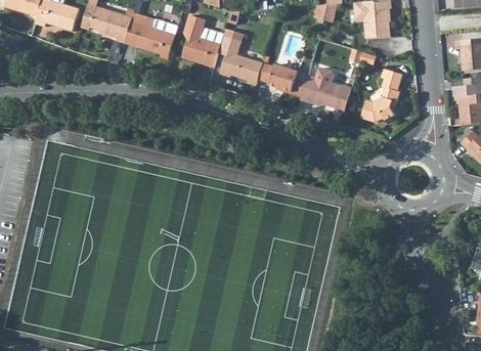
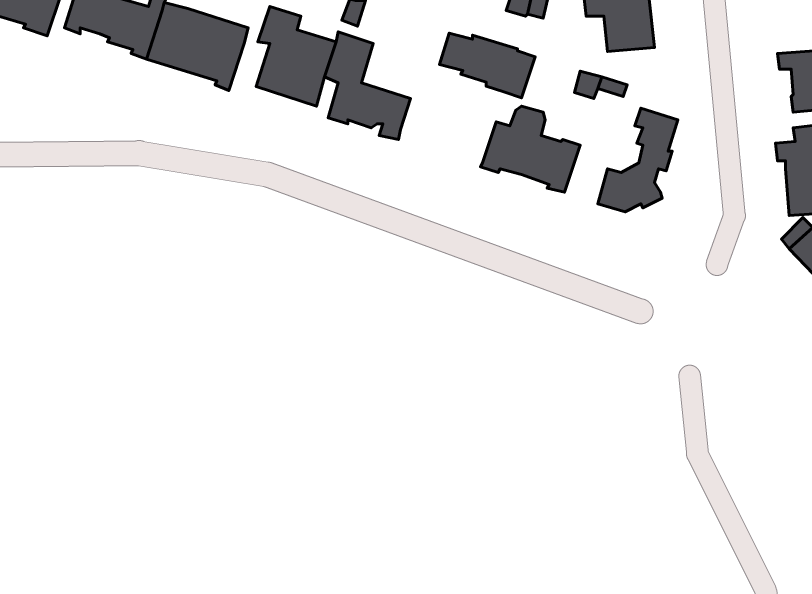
building: [257,63,307,97] -> [439,33,535,98]

